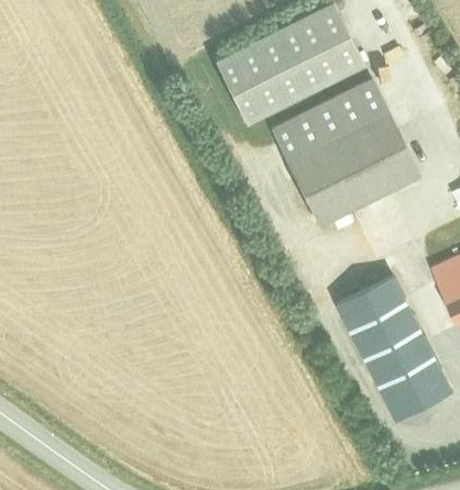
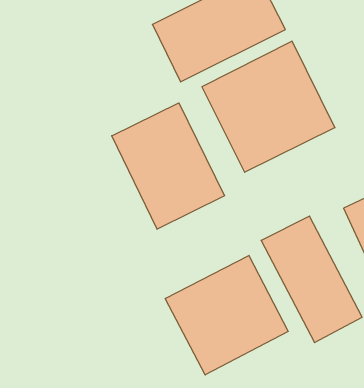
building: none -> [112,103,225,229]
building: none -> [165,255,288,375]

